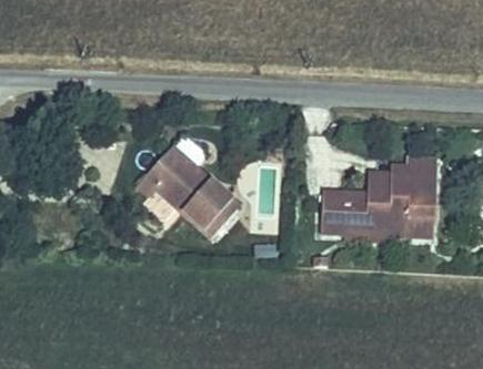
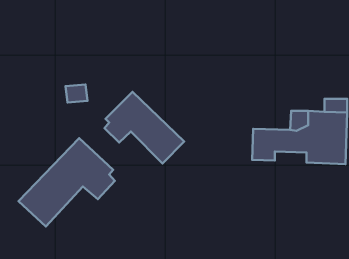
building: none -> [18,138,115,227]

